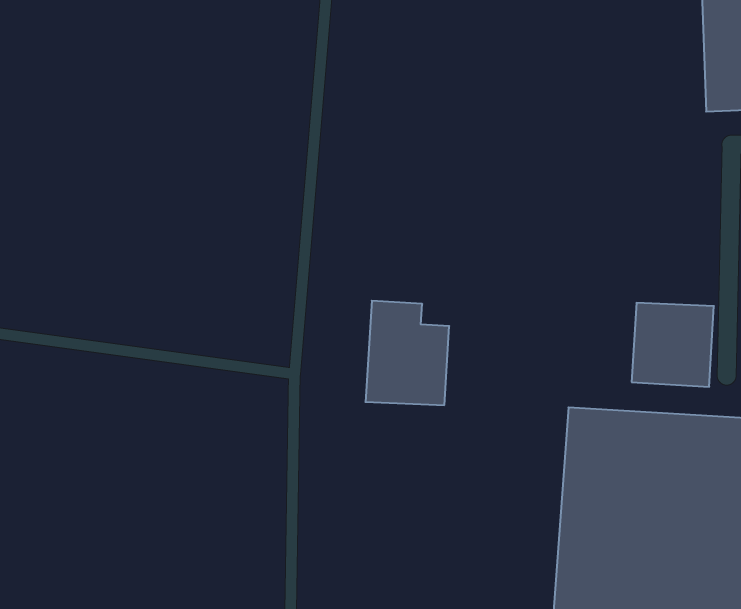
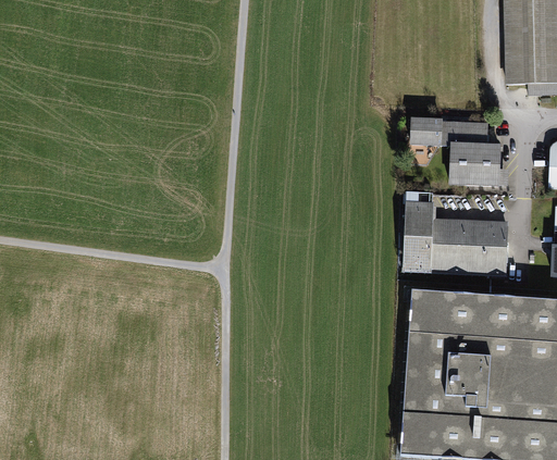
building: none -> [408,116,511,188]
building: [365,301,449,405] -> [400,200,458,272]

